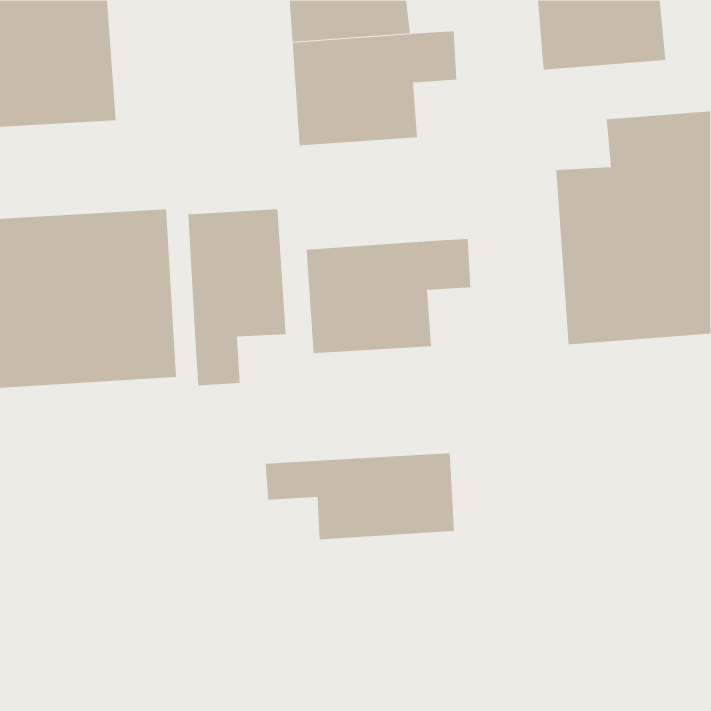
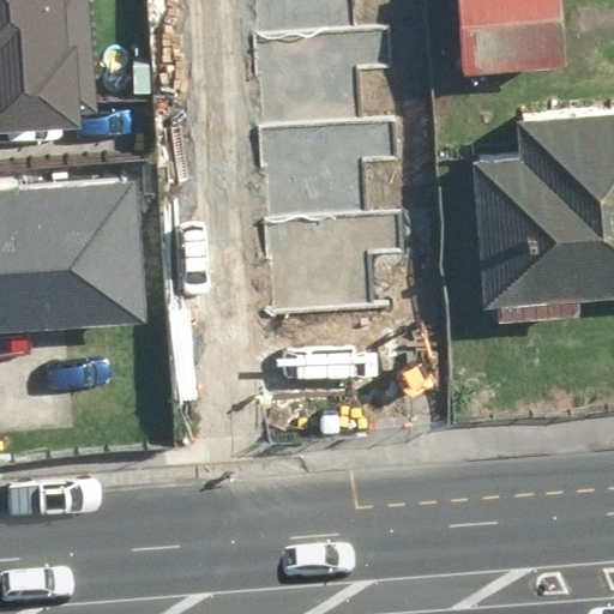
building: none -> [255,120,397,218]
building: [188,209,286,386] -> none
building: [265,453,454,540] -> none

